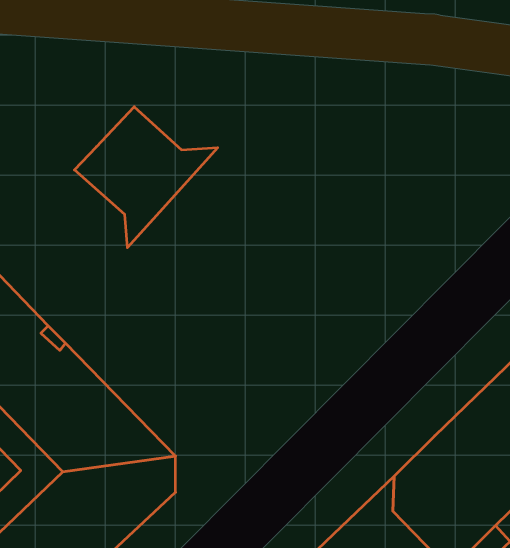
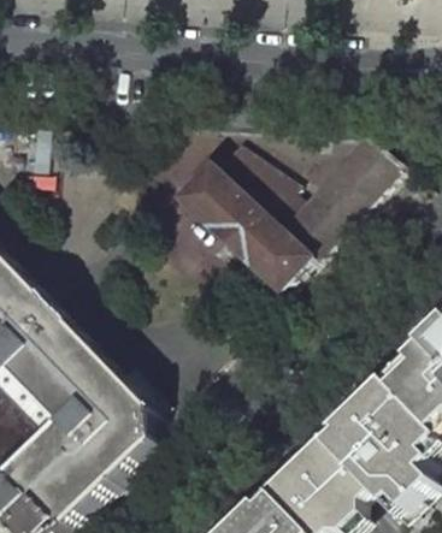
building: [74,107,218,248] -> none
building: none -> [173,135,394,291]

